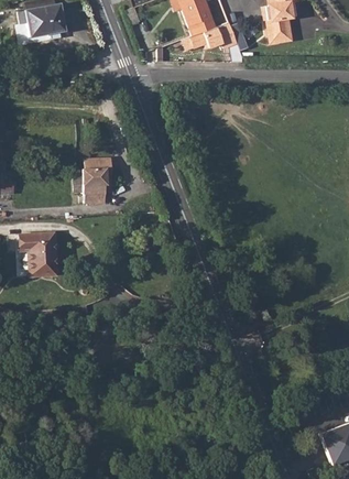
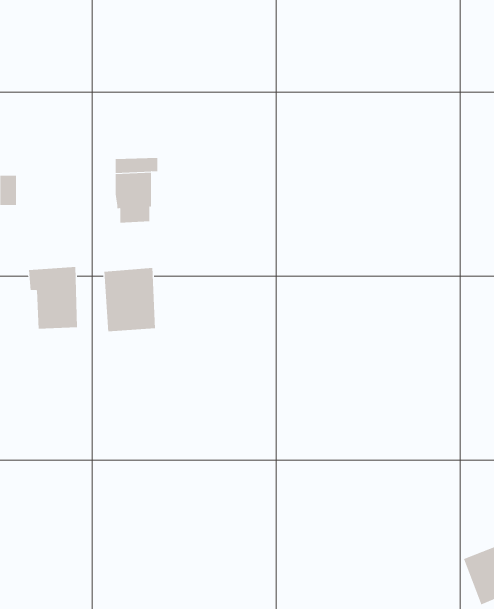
building: none -> [104,267,156,332]

